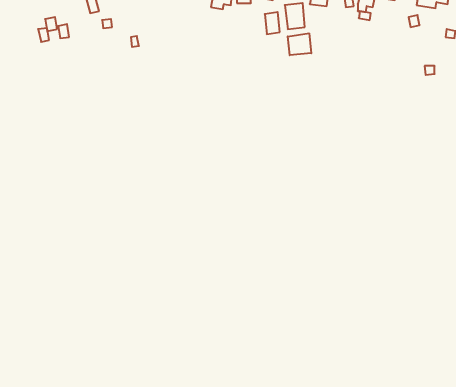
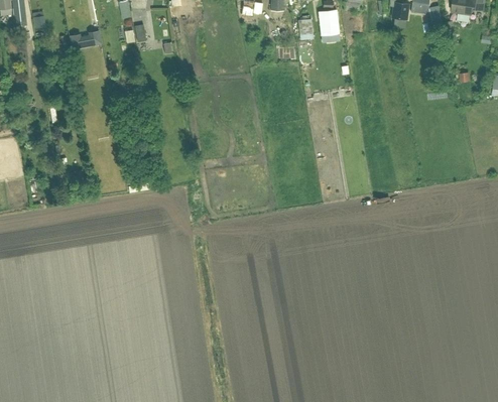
building: [288,33,311,55] -> none

